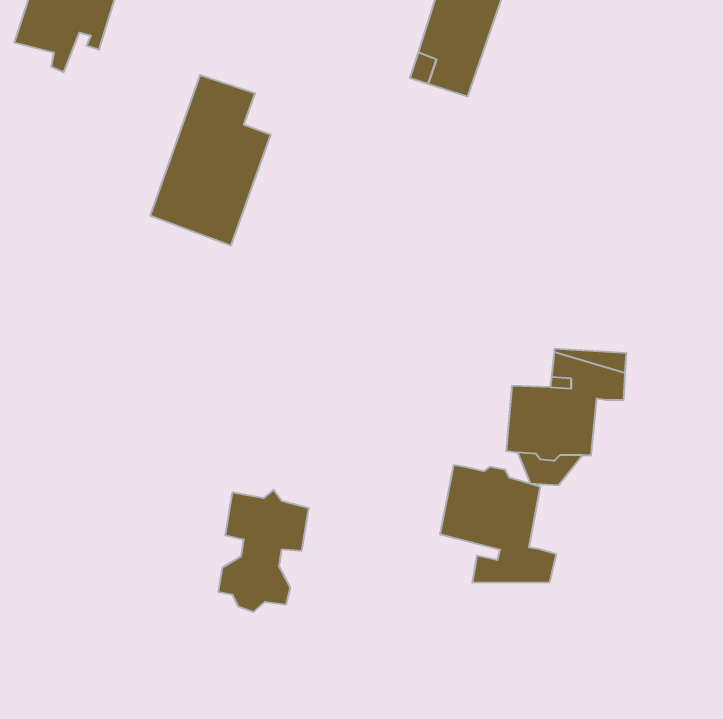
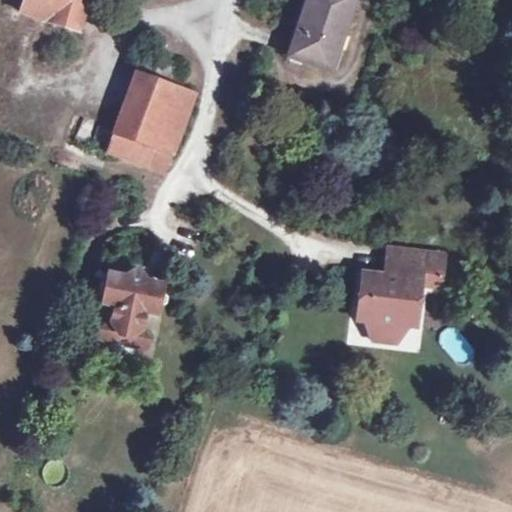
building: [440,465,556,583] -> none
building: [218,490,309,612] -> [100,268,164,354]

